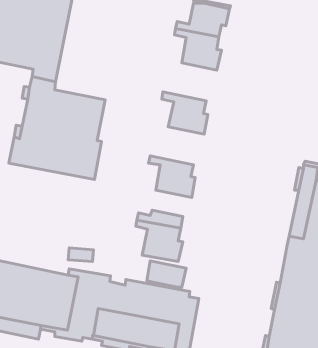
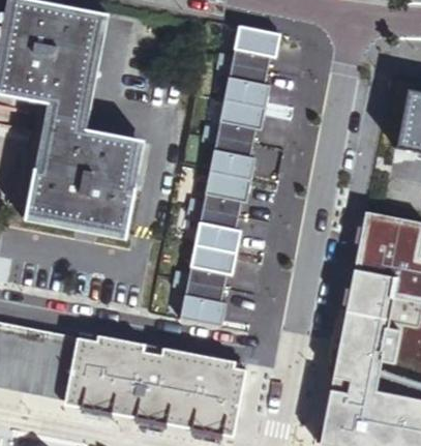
building: none -> [204,98,266,142]
building: none -> [189,172,251,215]
building: [147,261,186,287] -> [191,244,237,274]

